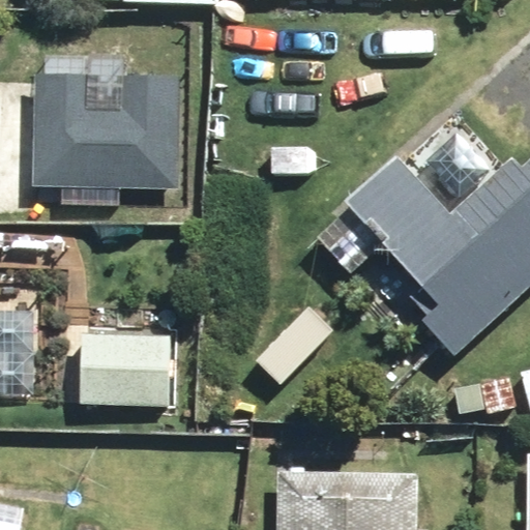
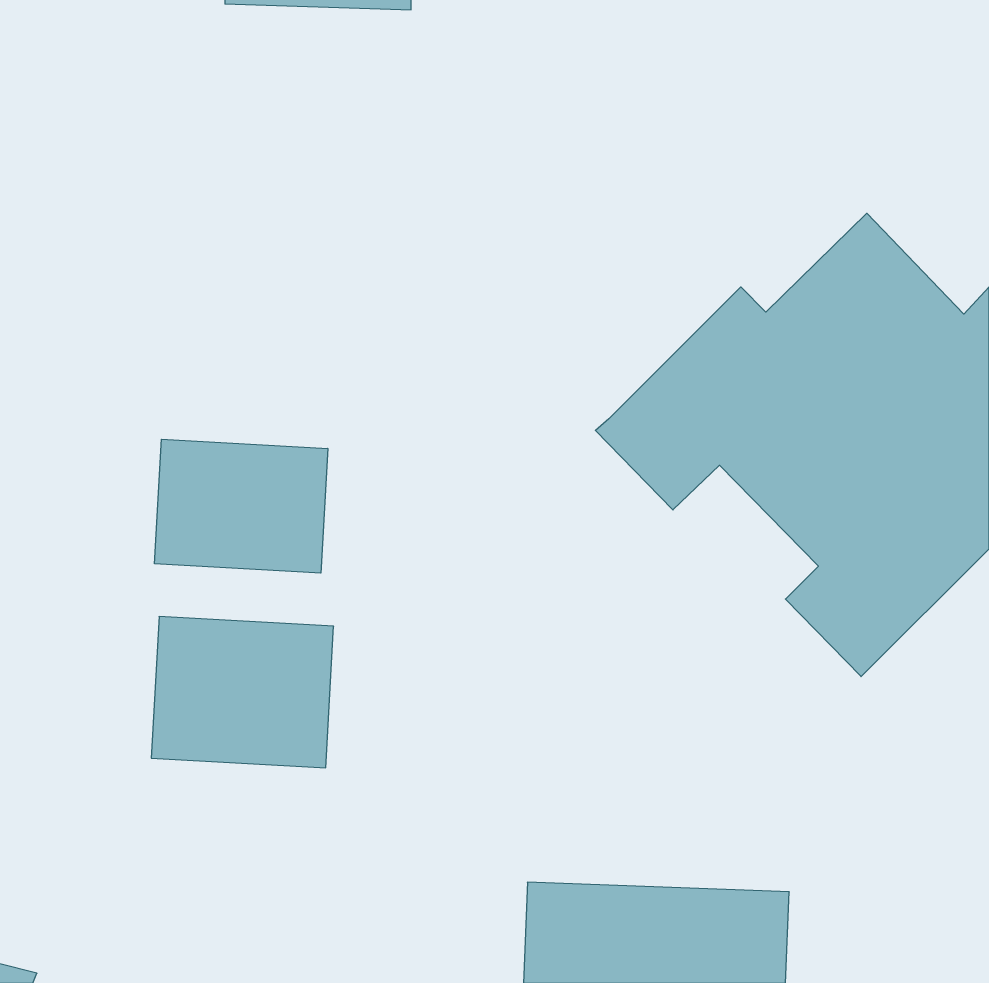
building: [31,71,180,187] -> none
building: none -> [155,439,328,573]

